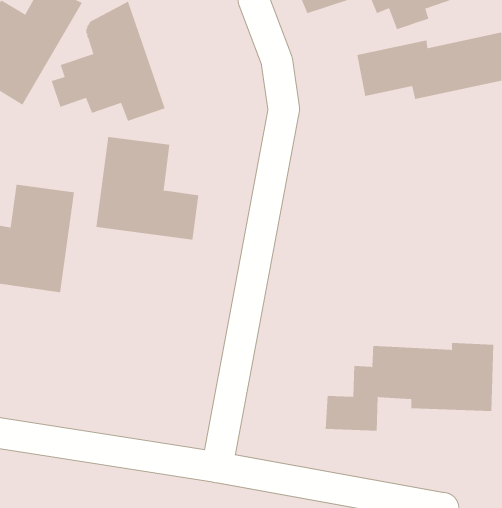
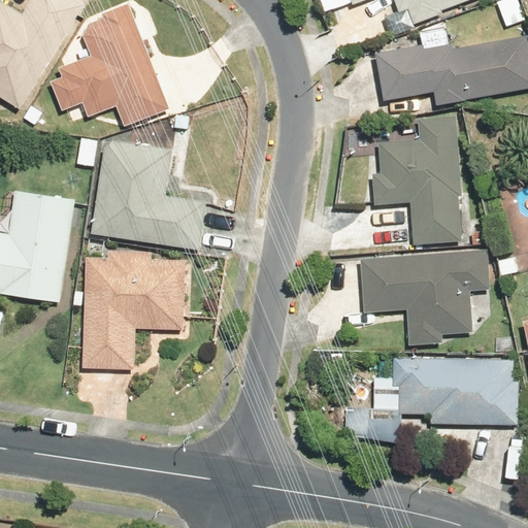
building: none -> [363,117,455,242]
building: none -> [87,249,188,367]
building: none -> [352,249,487,348]

